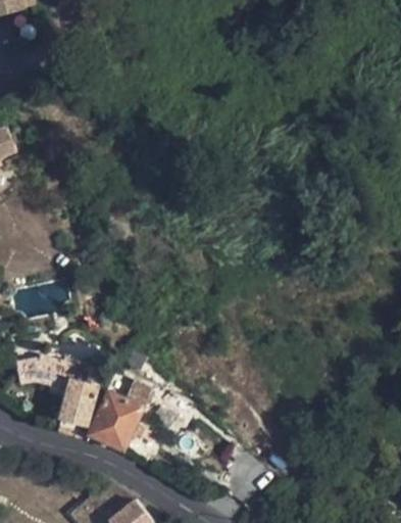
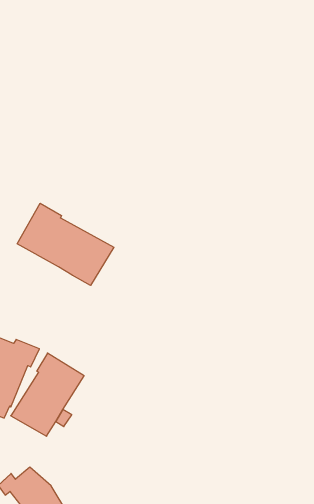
building: none -> [17,203,114,285]

